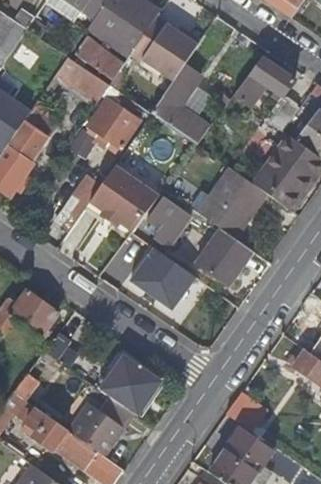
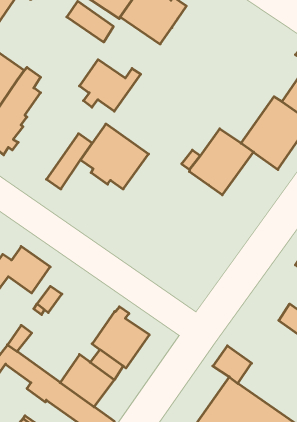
building: [46,57,109,105] -> none
building: [233,57,300,132] -> none
building: [152,65,208,145] -> none
building: [150,195,191,246] -> none
building: [197,227,253,284] -> none
building: [133,249,193,306] -> none

